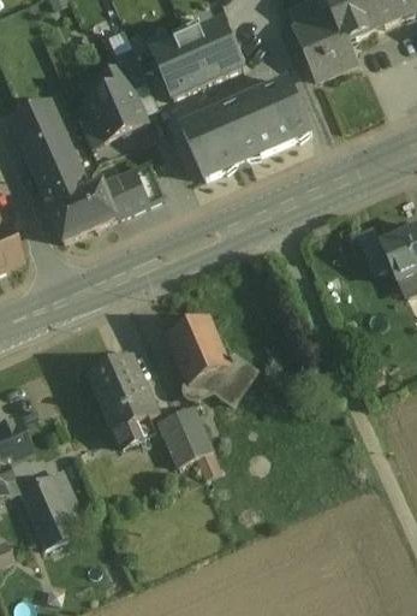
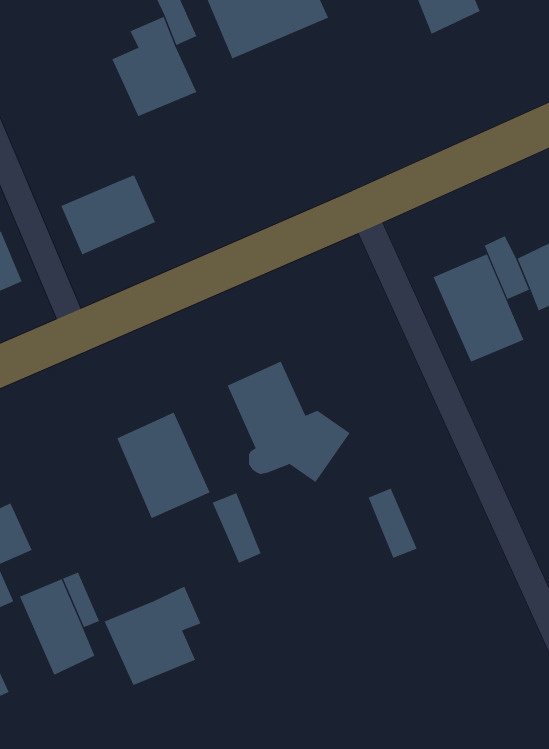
building: [181,81,309,177] -> none
building: [10,97,89,203] -> none
building: [108,164,163,215] -> none
building: none -> [433,254,524,362]
building: [175,405,212,457] -> [368,488,417,559]
building: none -> [104,586,201,686]

